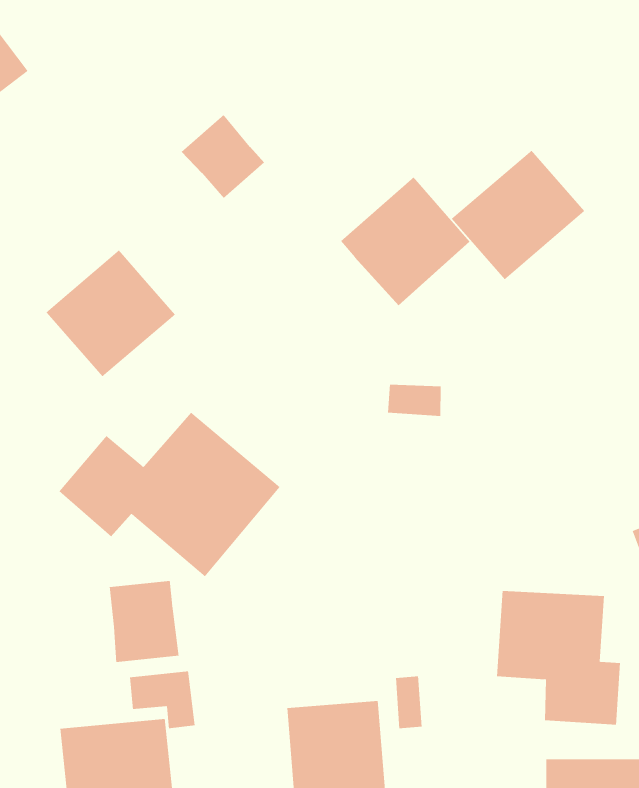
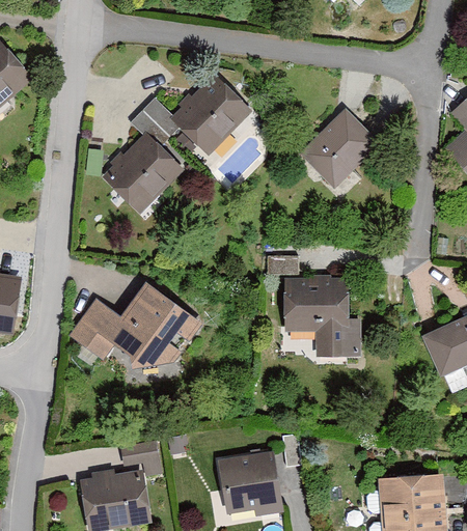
building: [340,177,471,306] -> [172,74,252,153]
building: [46,250,176,377] -> [101,135,181,214]
building: [109,580,179,663] -> none
building: [496,591,621,725] -> [284,278,360,357]

